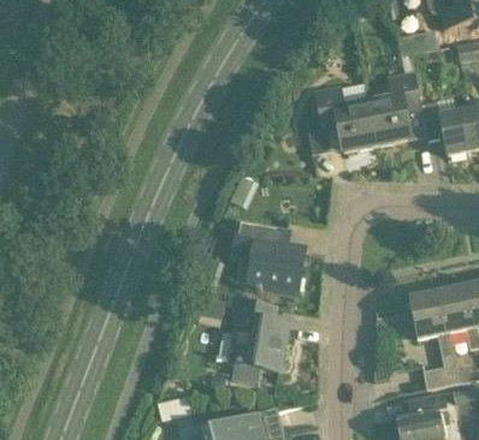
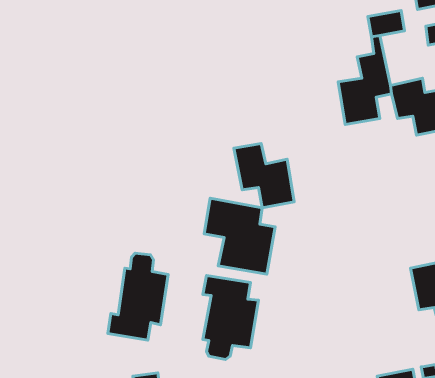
building: [313,84,374,149] -> [234,144,294,208]
building: none -> [108,253,168,340]
building: [379,289,459,387] -> none

